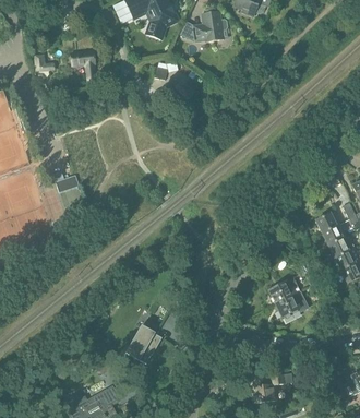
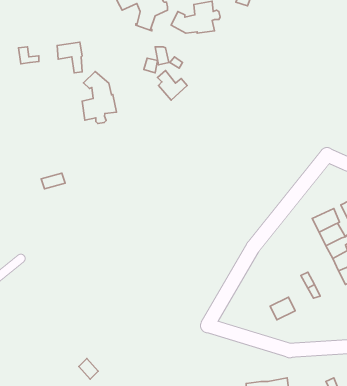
building: none -> [82,71,116,123]
building: [268,277,300,303] -> none
building: [125,325,161,363] -> none

